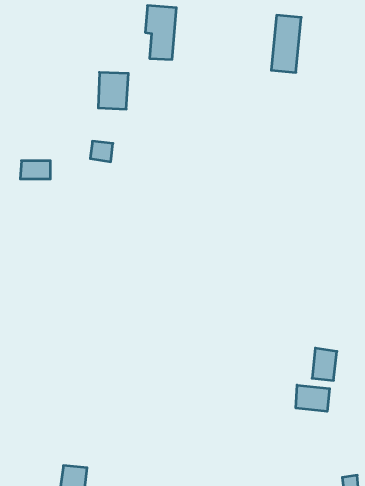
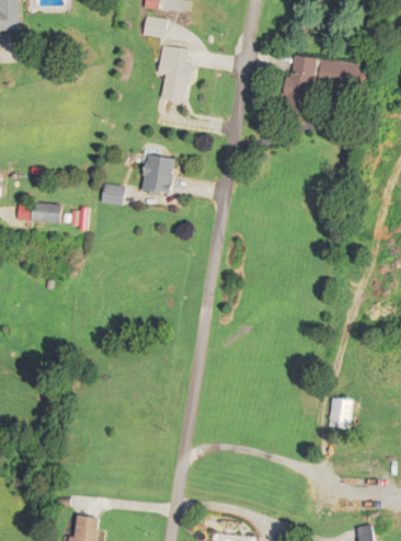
building: none -> [318,61,367,91]
building: [98,72,128,109] -> [144,157,174,194]
building: [296,385,330,411] -> none

